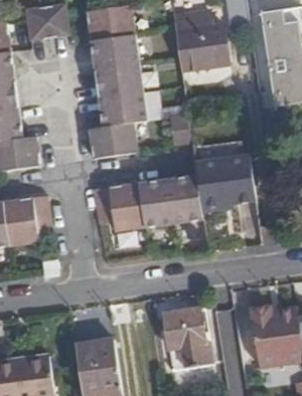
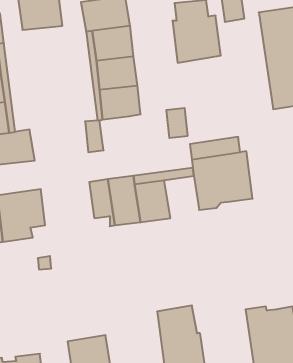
building: [106,122,138,155] -> none
building: [169,180,203,221] -> none

